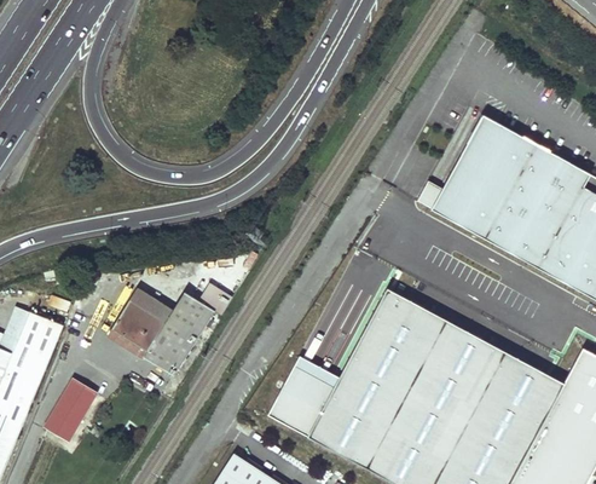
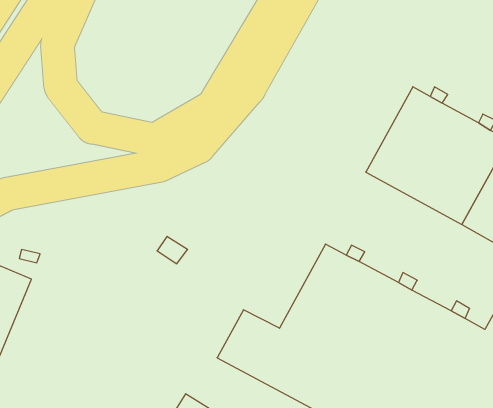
building: [105,288,213,378] -> none
building: [42,384,92,444] -> none

